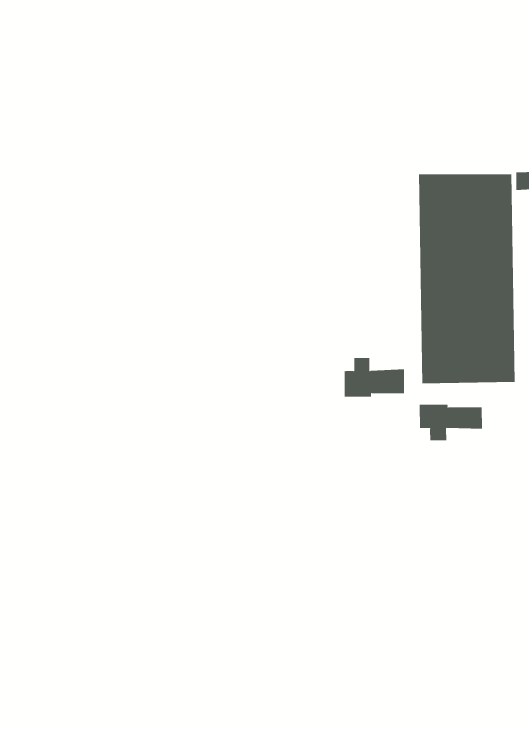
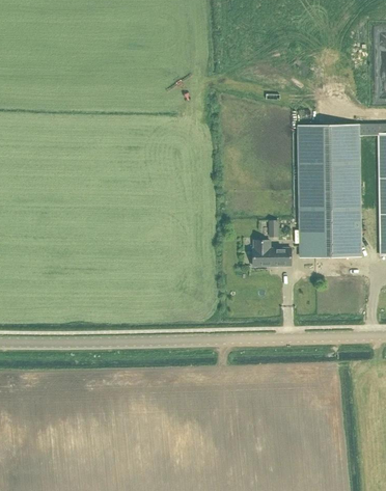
building: [419,404,482,441] -> none

